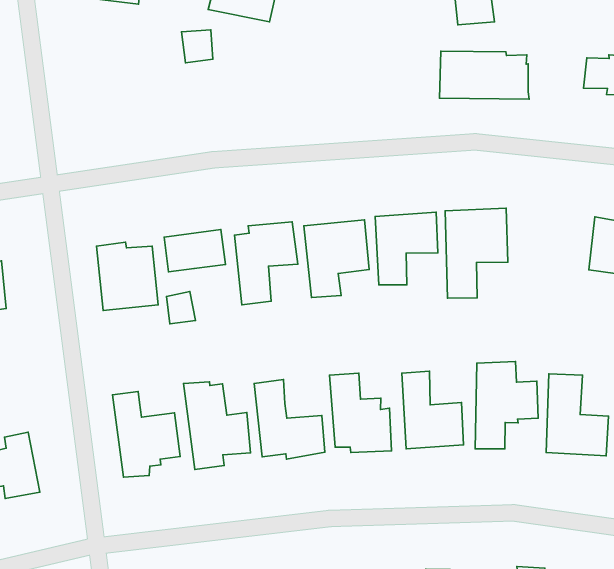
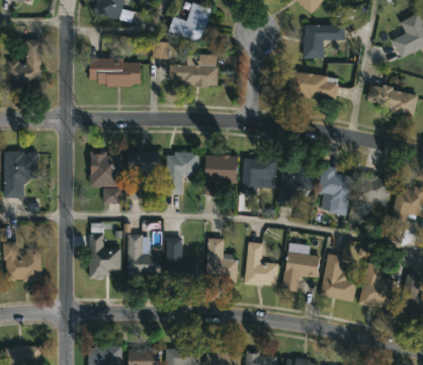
building: none -> [169,54,218,87]
building: none -> [89,59,141,87]
building: none -> [318,165,352,215]

